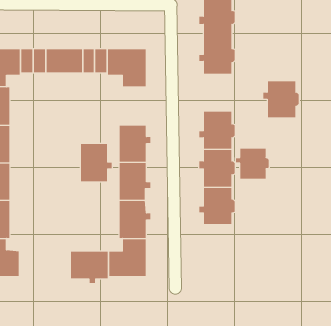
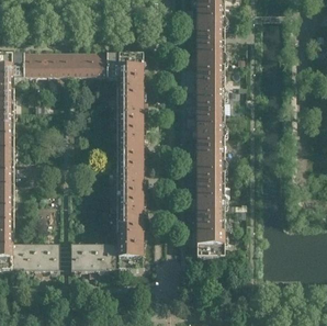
building: [262,81,299,118] -> [192,76,227,111]
building: [80,143,112,182] -> [116,88,147,124]
building: [236,148,269,180] -> none
building: none -> [192,218,227,255]
building: none -> [22,244,59,274]

